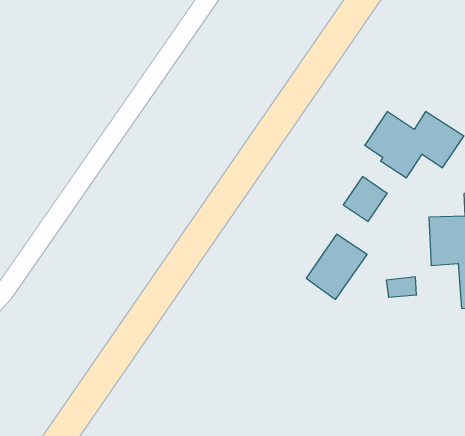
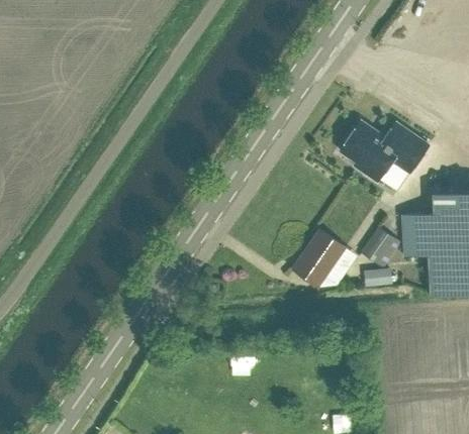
building: [343,177,387,222] -> [360,227,399,267]

